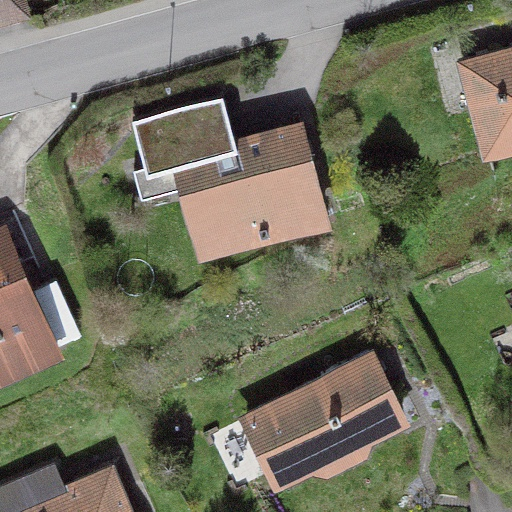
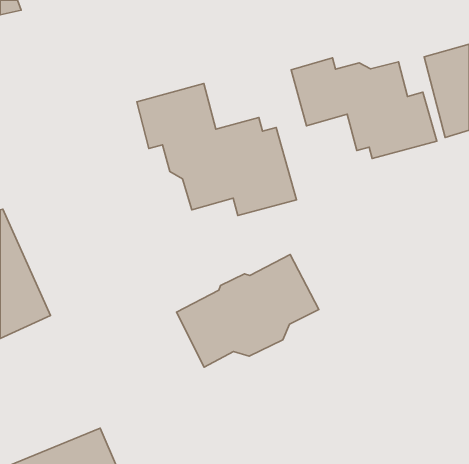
building: none -> [291,58,437,159]
building: [246,360,401,483] -> [177,254,319,367]

